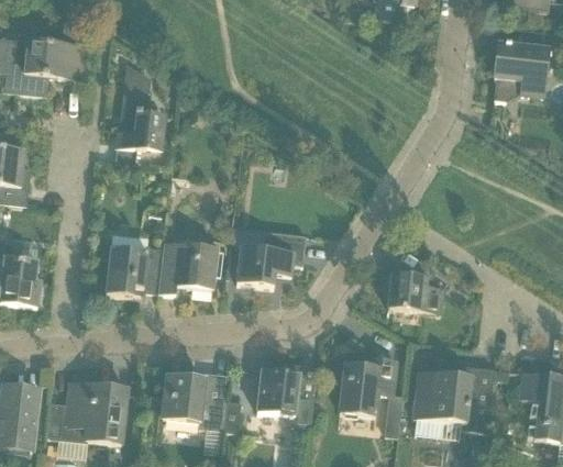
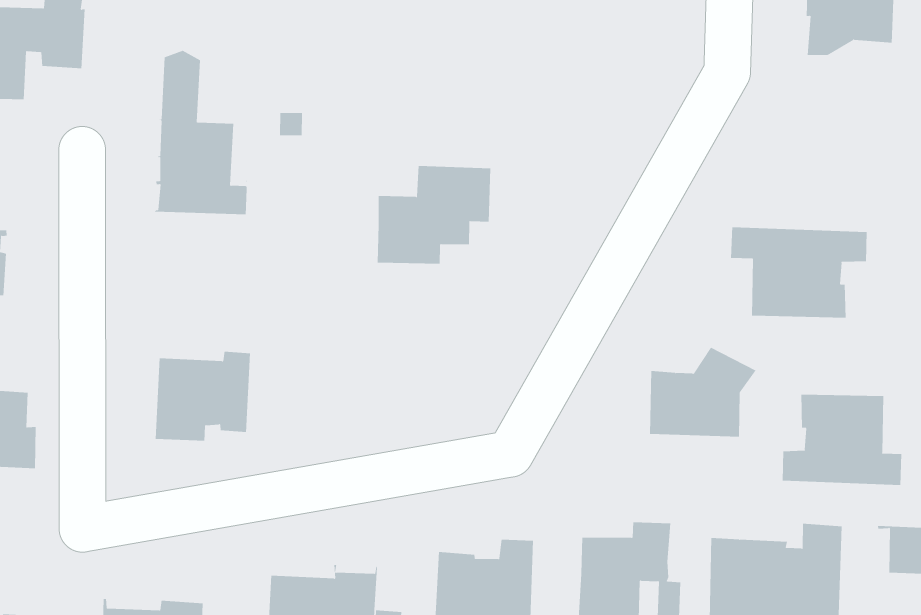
building: none -> [731,226,867,318]
building: [238,227,307,285] -> [377,166,491,264]
building: [158,240,219,292] -> none
building: none -> [782,394,902,486]

